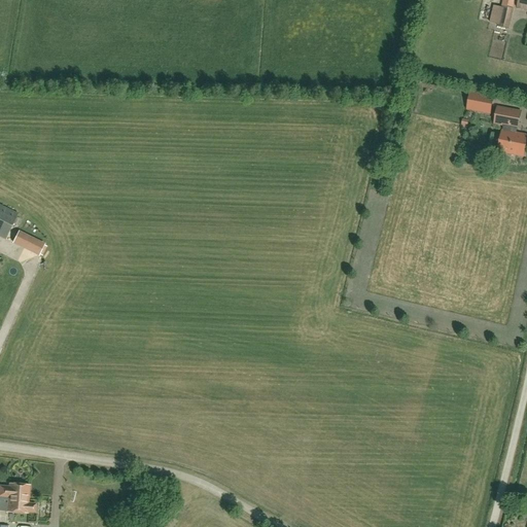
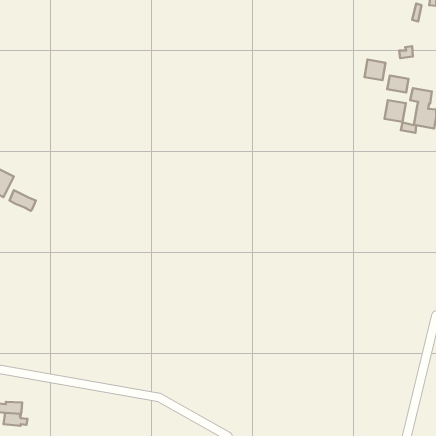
building: none -> [365,60,385,80]
building: none -> [385,100,406,122]

